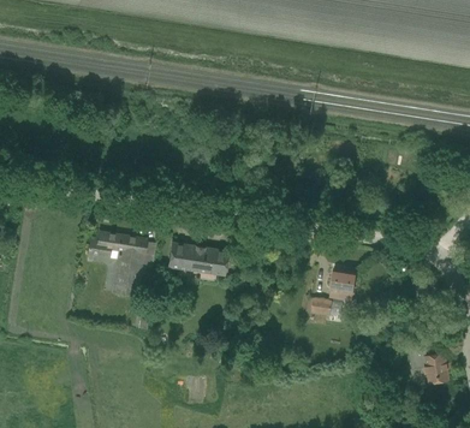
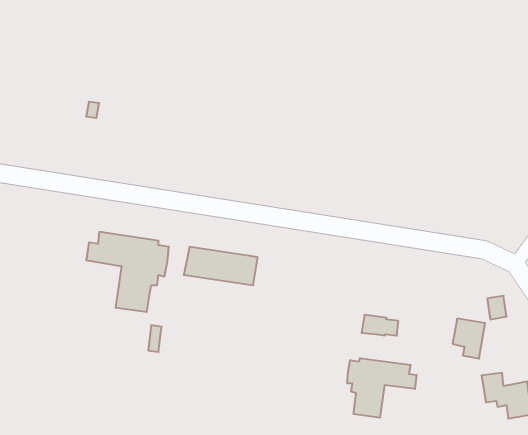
building: [328,268,355,301] -> [453,319,485,359]
building: none -> [347,358,417,418]

